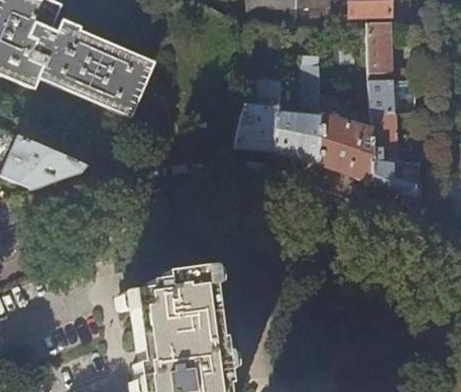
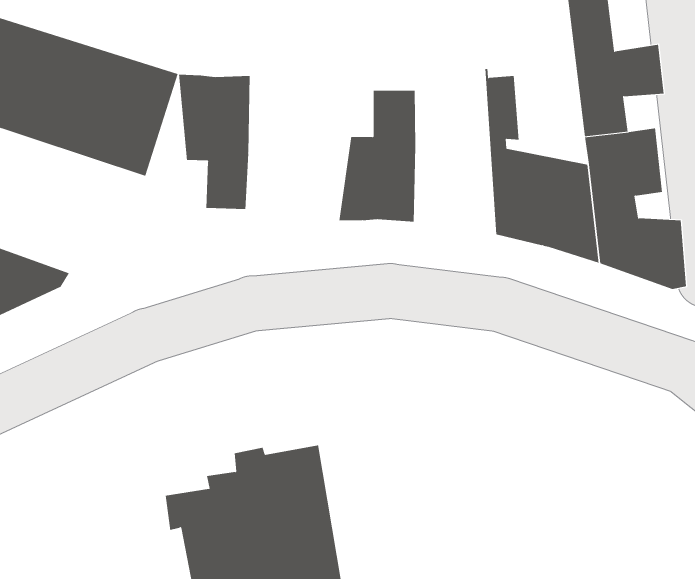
building: none -> [179,74,250,210]
building: [274,64,319,162] -> none

